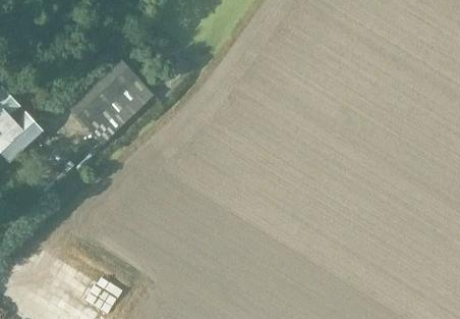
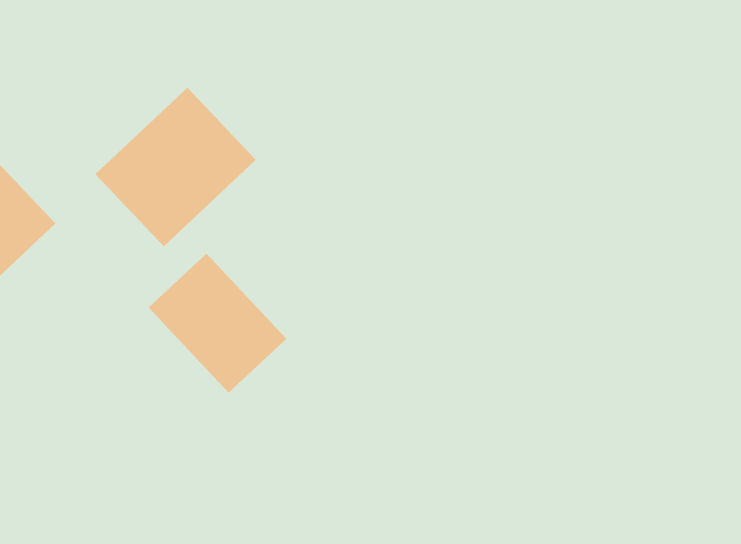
building: none -> [148,253,287,393]

